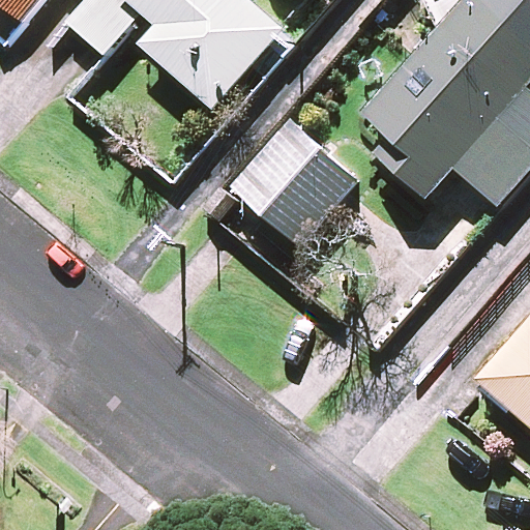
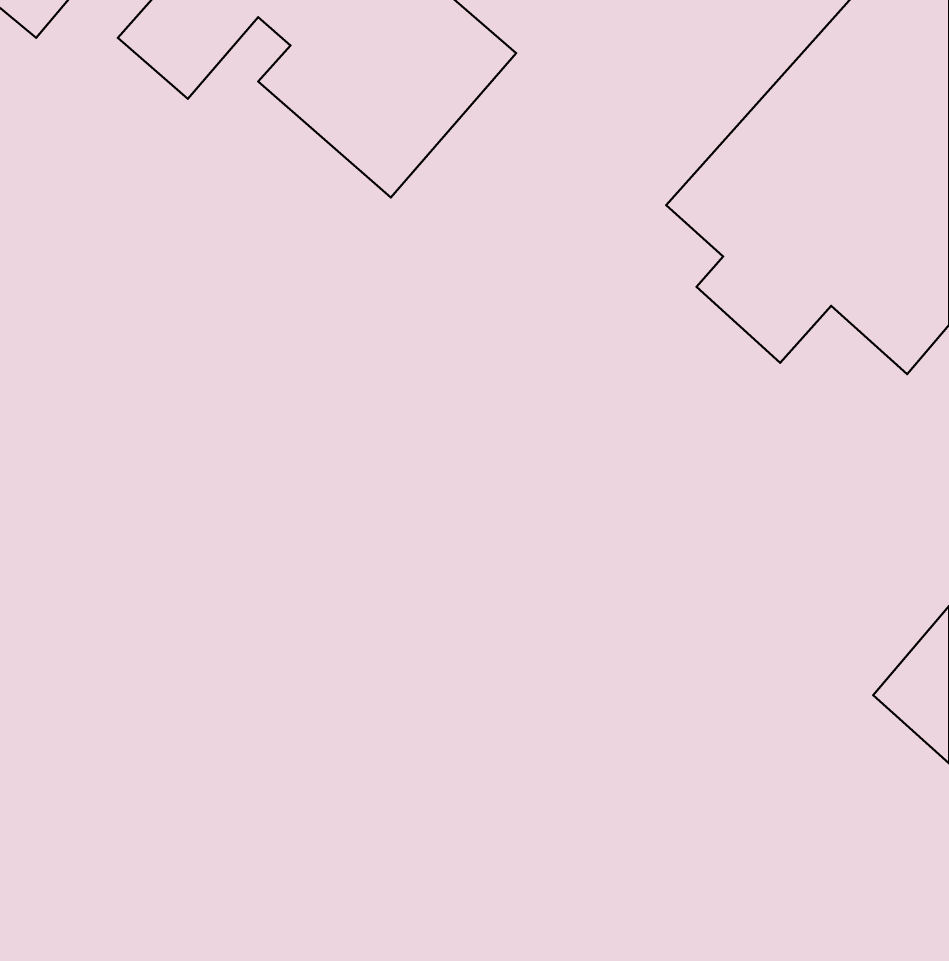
building: [231,129,356,245] -> none

